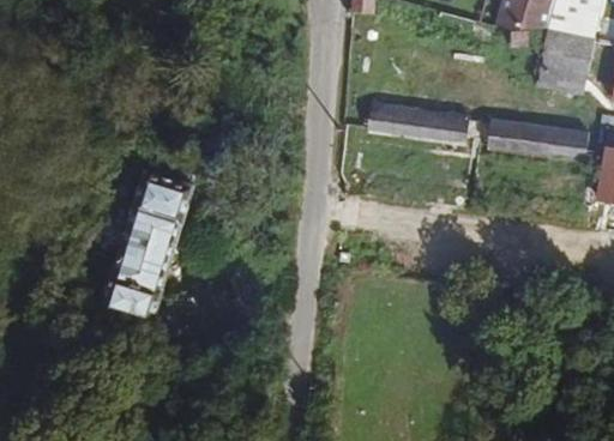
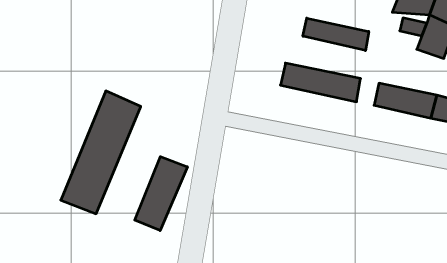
building: none -> [303,18,369,51]
building: none -> [135,157,187,231]

